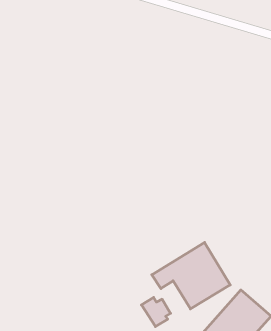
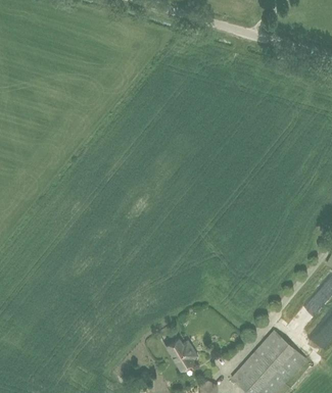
building: [152,242,230,309] -> none

